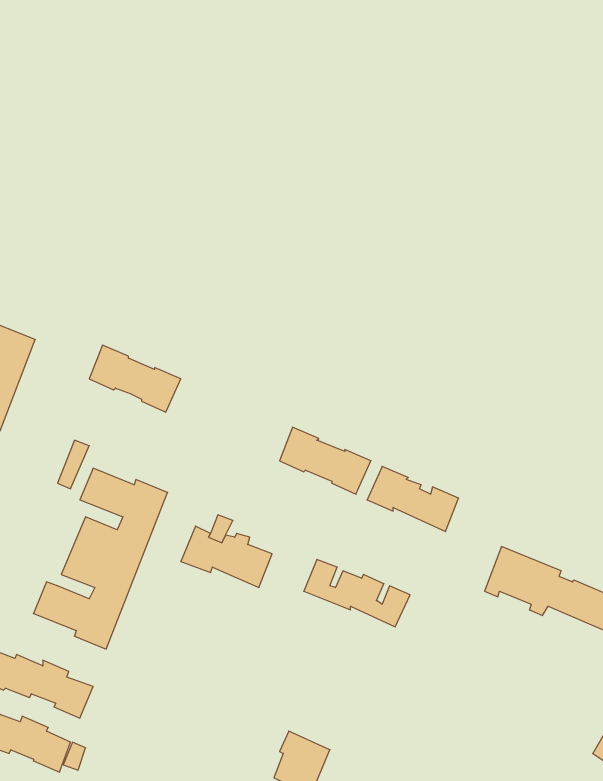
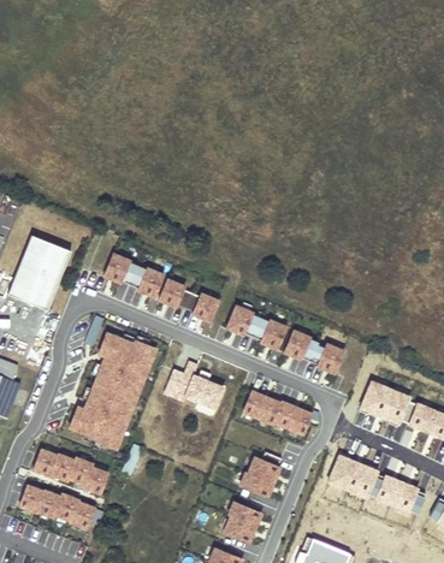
building: none -> [159,278,218,320]
building: none -> [239,451,282,496]
building: none -> [328,452,425,514]

